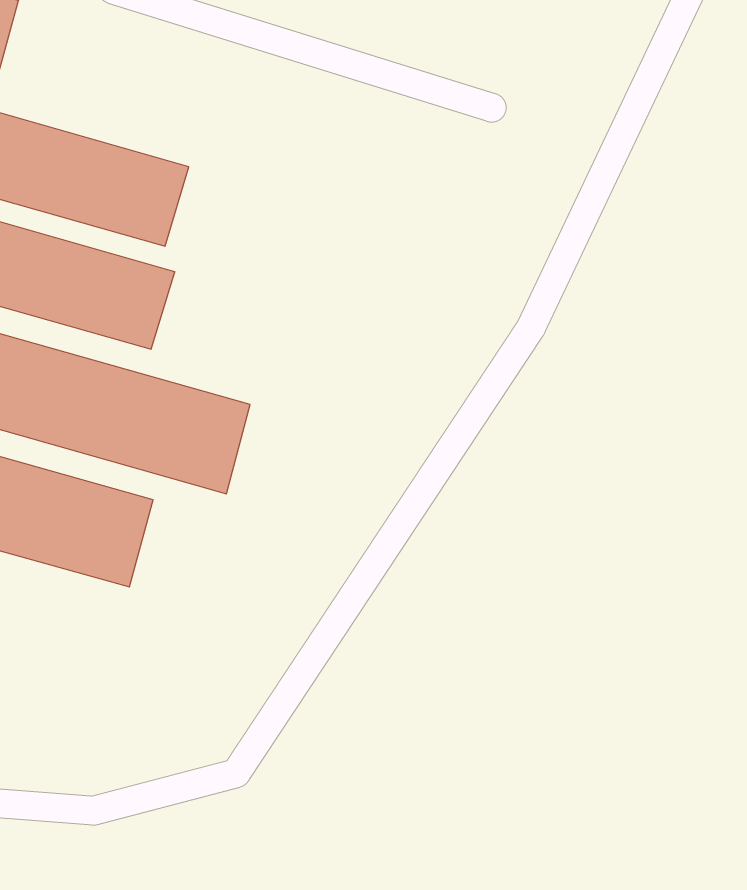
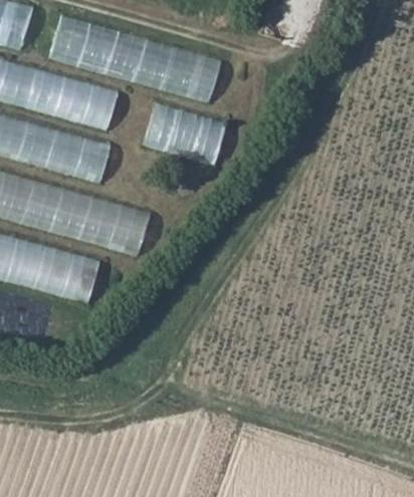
building: none -> [50,16,220,103]
building: none -> [142,101,226,168]

